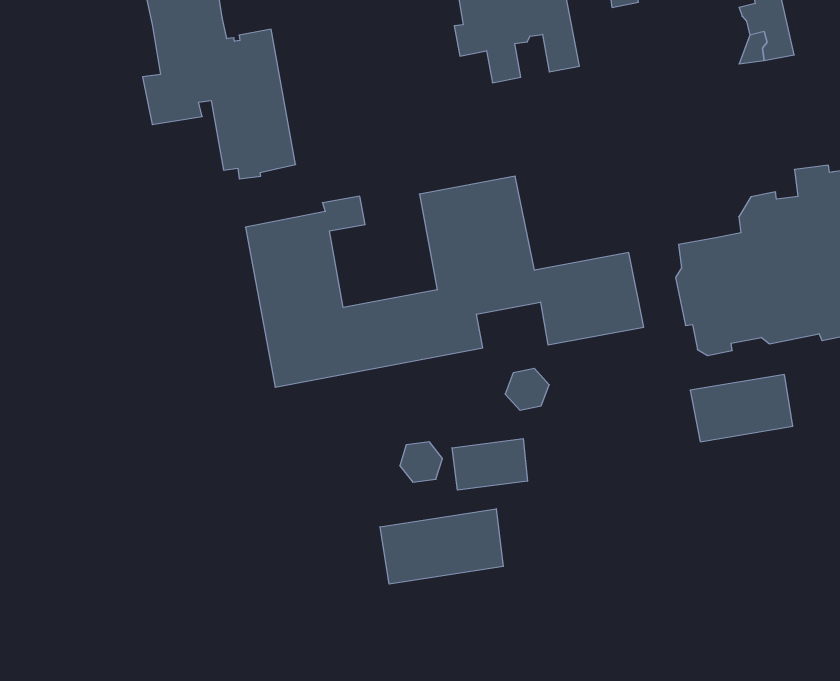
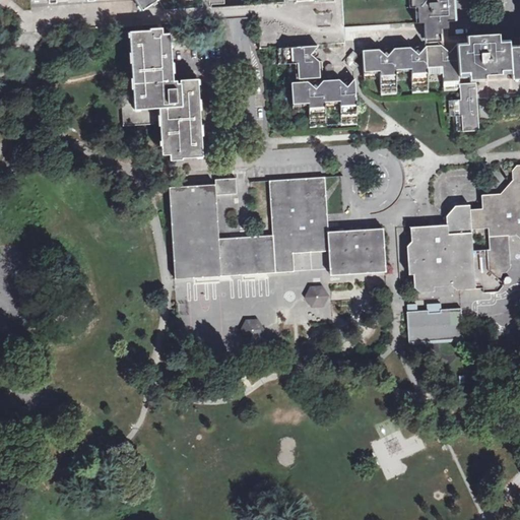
building: [452,439,527,490] -> none
building: [380,509,503,584] -> none

